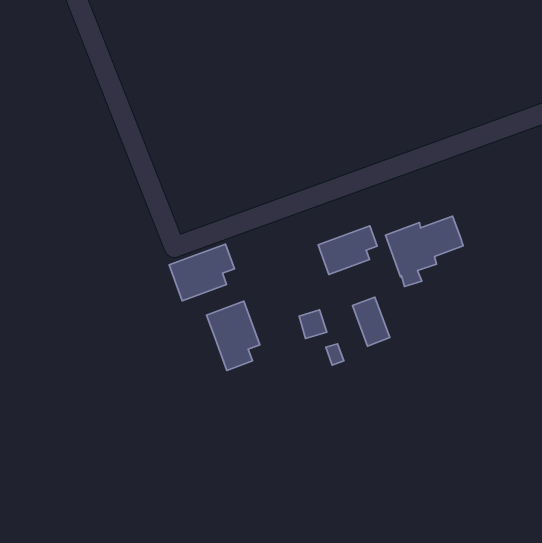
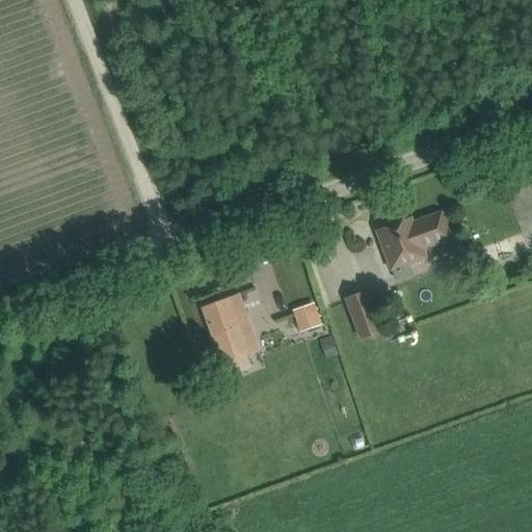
building: [318,226,377,274] -> none
building: [169,244,234,301] -> none

